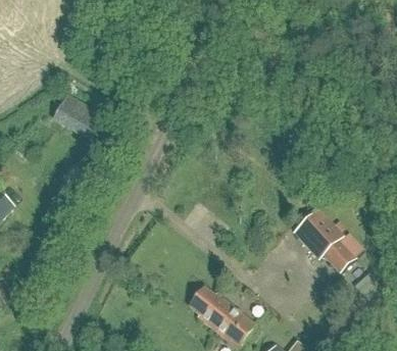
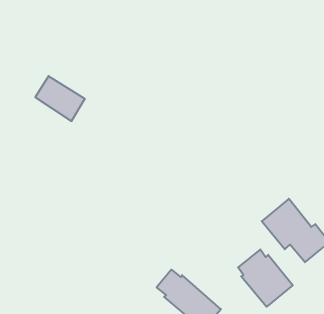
building: none -> [238,249,293,307]

